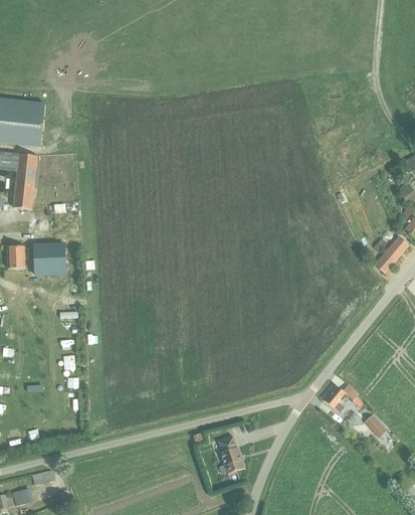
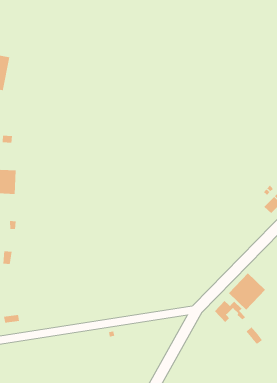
building: none -> [228,272,266,310]
building: [217,436,243,473] -> none

